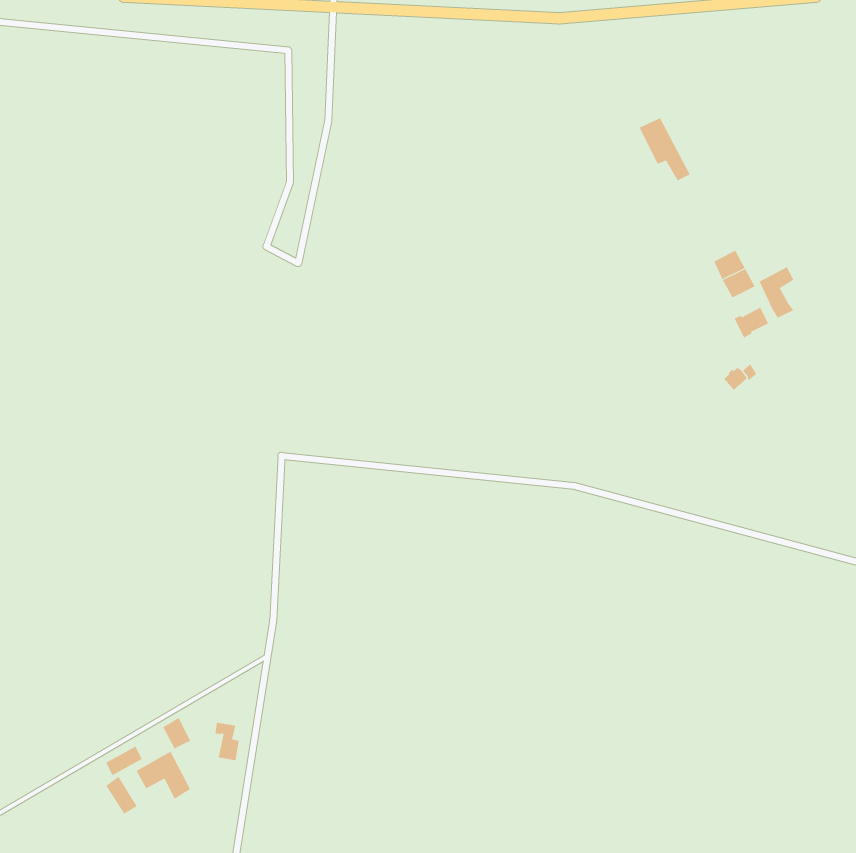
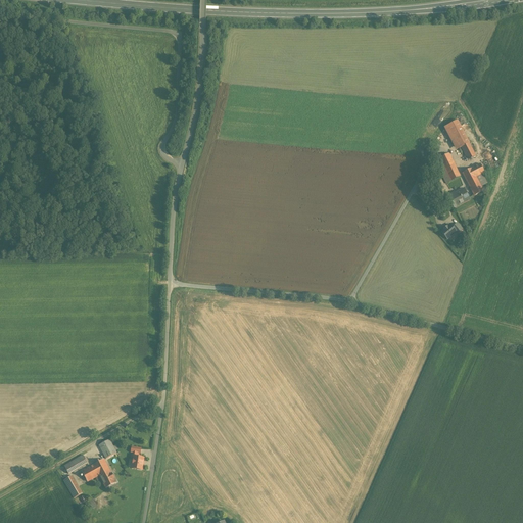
building: [639,117,691,181] -> [444,120,476,158]

